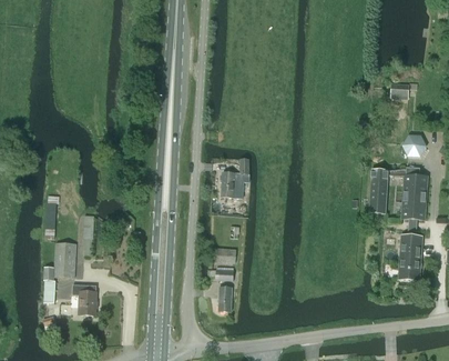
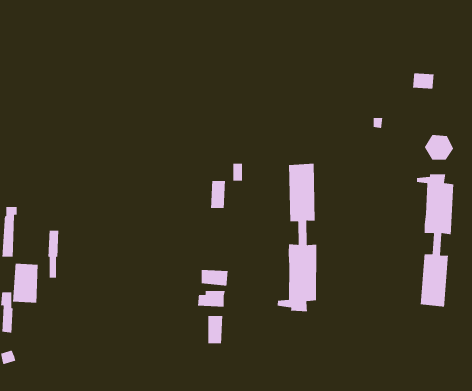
building: none -> [277,163,317,312]
building: [369,170,395,213] -> none
building: [72,285,96,315] -> none

